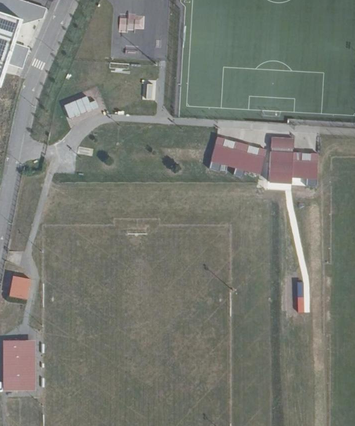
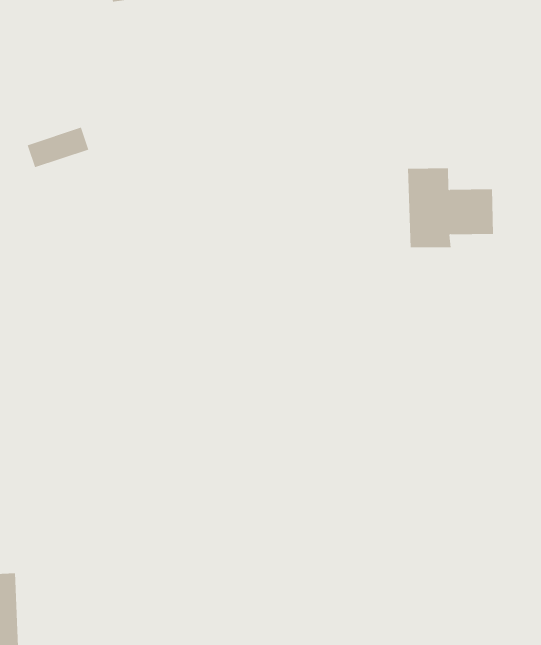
building: [207,133,264,173] -> none

